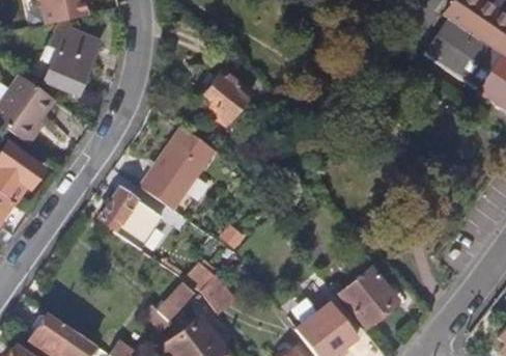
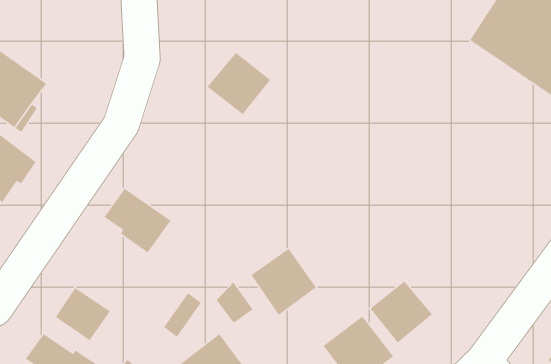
building: [47,30,105,95] -> none
building: [139,125,217,209] -> none
building: none -> [251,248,317,316]
building: none -> [55,287,111,341]

